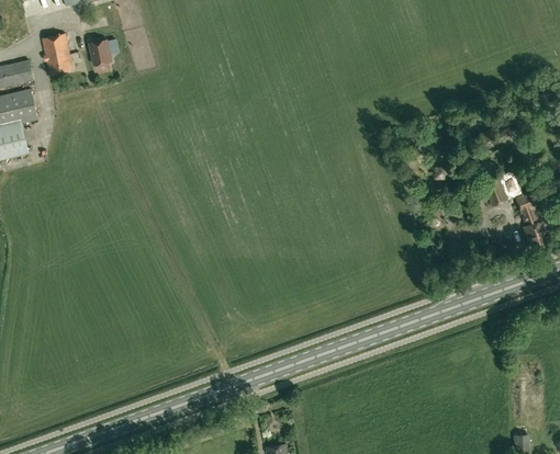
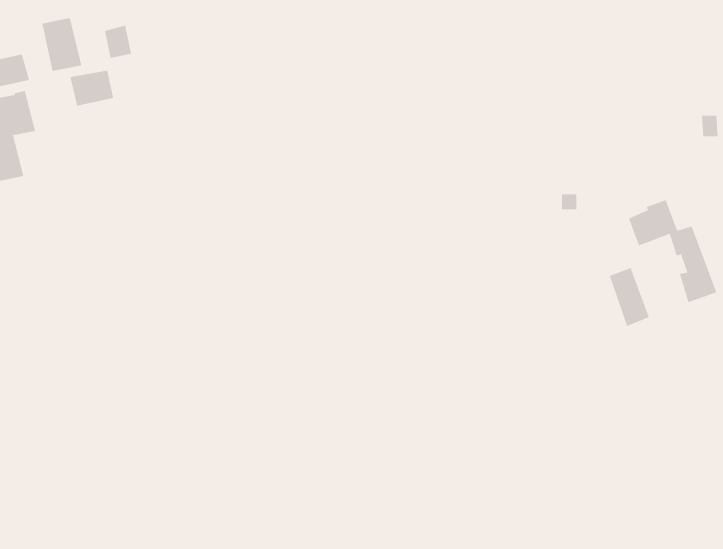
building: none -> [70,70,114,106]
building: none -> [609,267,649,327]

